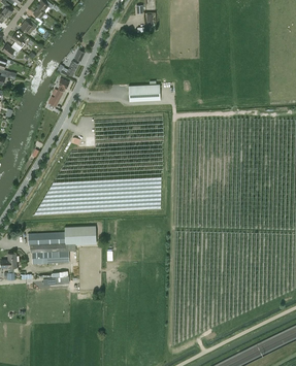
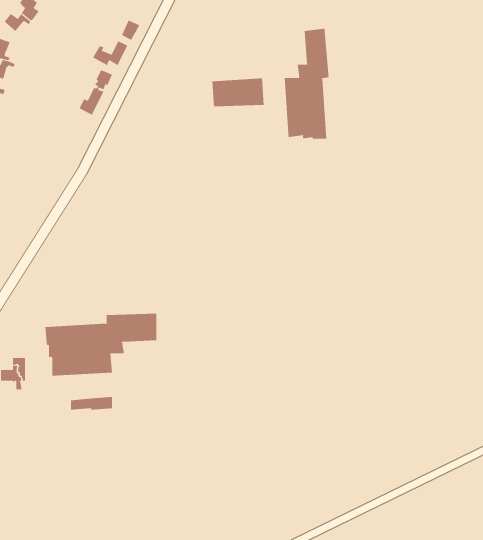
building: none -> [284,28,329,139]

